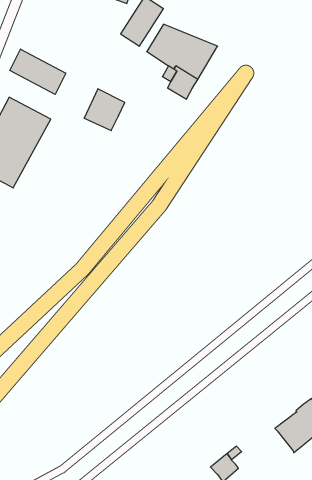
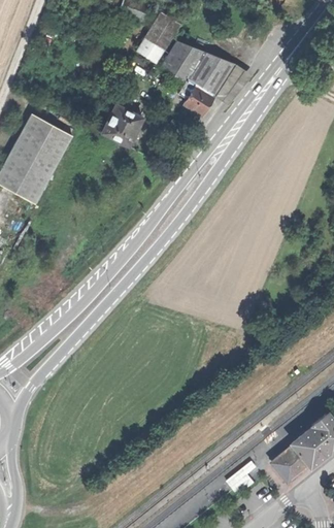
building: [10,49,66,94] -> none
building: none -> [273,443,310,480]

